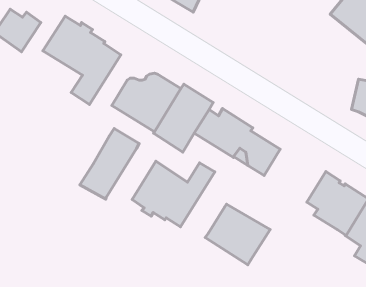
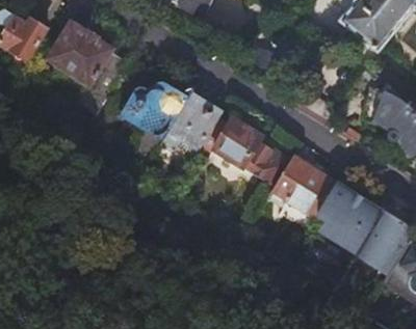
building: [80,128,139,199] -> none
building: [132,161,215,227] -> none
building: [205,204,270,265] -> [269,155,336,217]

